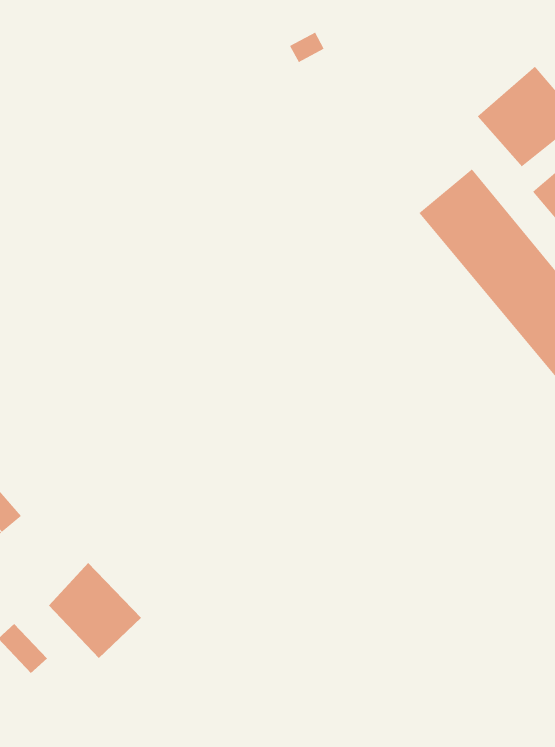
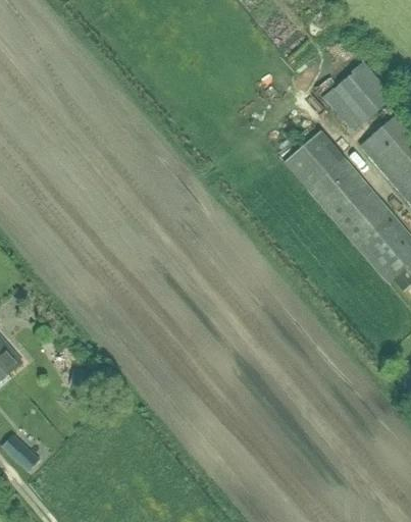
building: [48,562,142,659] -> none

